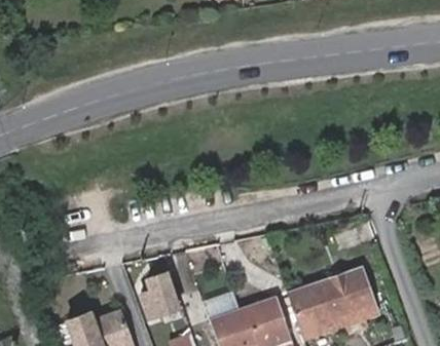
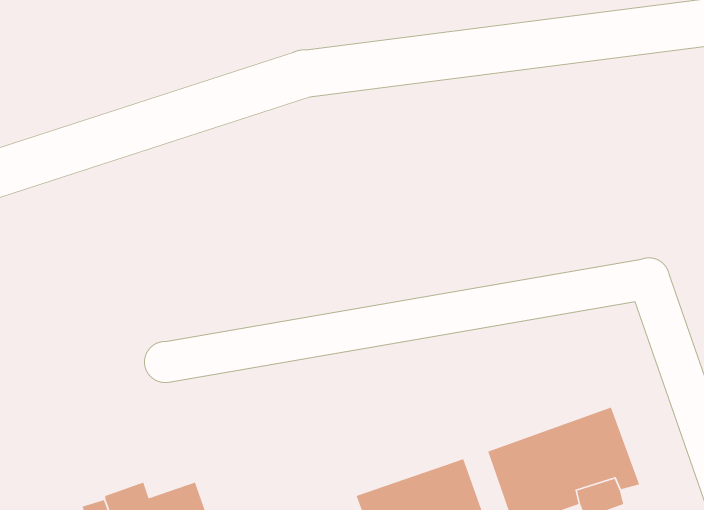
building: [141,269,179,315] -> none

